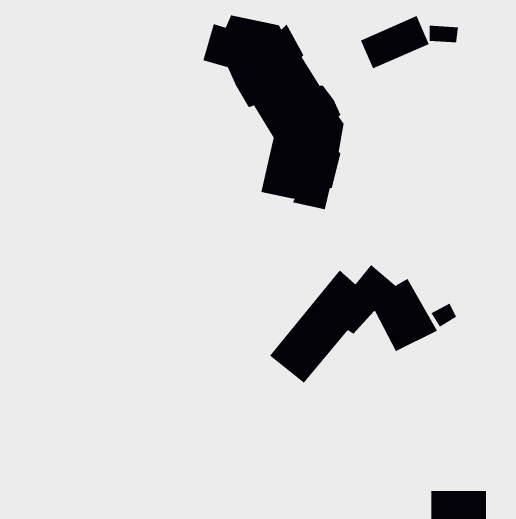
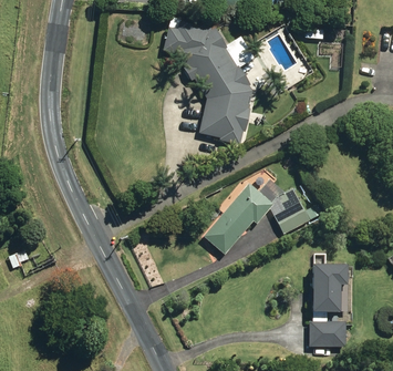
building: [360,15,430,69] -> none
building: none -> [307,262,343,310]

